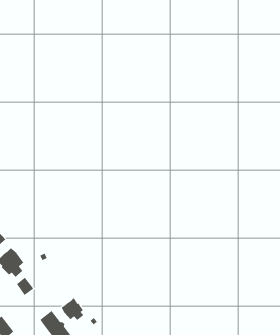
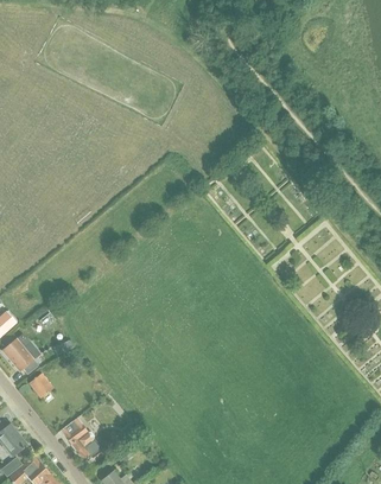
building: [61,297,84,321] -> none

